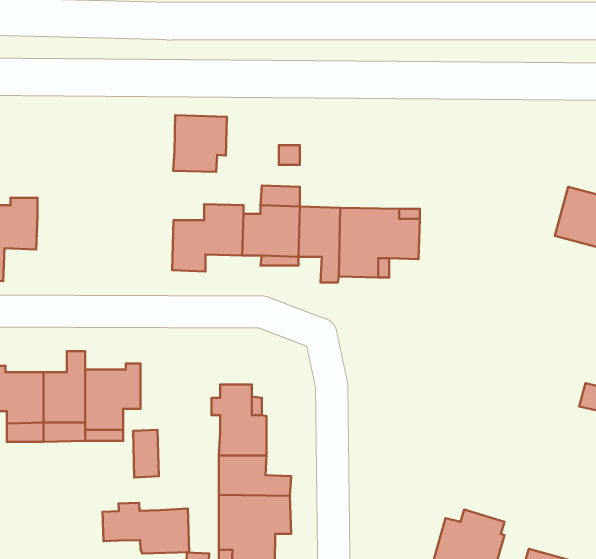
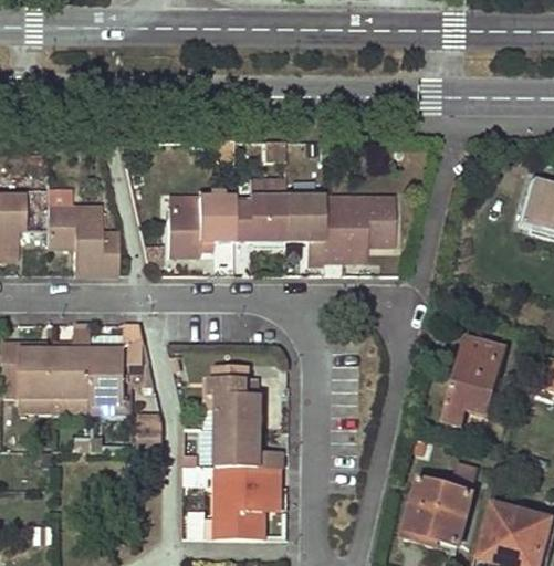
building: [173,115,227,172] -> none
building: none -> [49,205,116,275]
building: none -> [441,334,506,424]
building: [103,503,189,554] -> none

